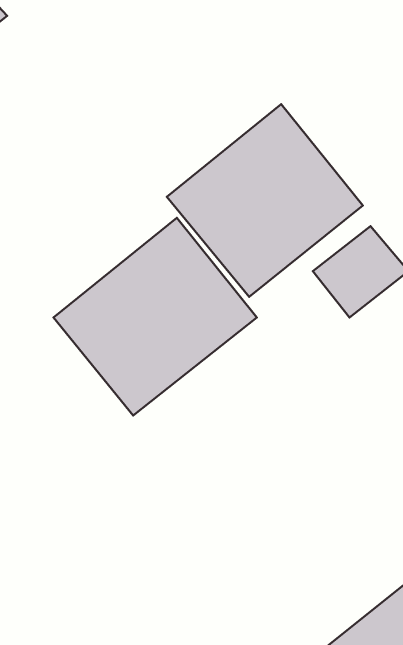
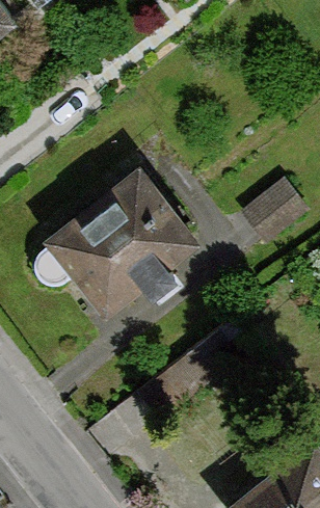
building: [167,104,363,297] -> none

